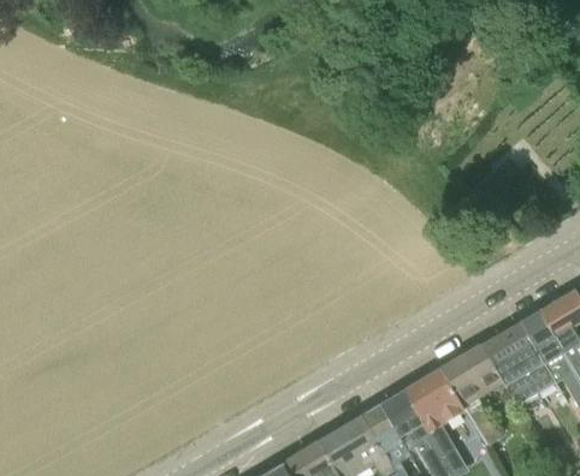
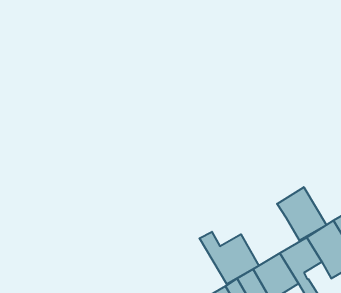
building: none -> [277,187,326,241]
building: none -> [199,232,259,284]

